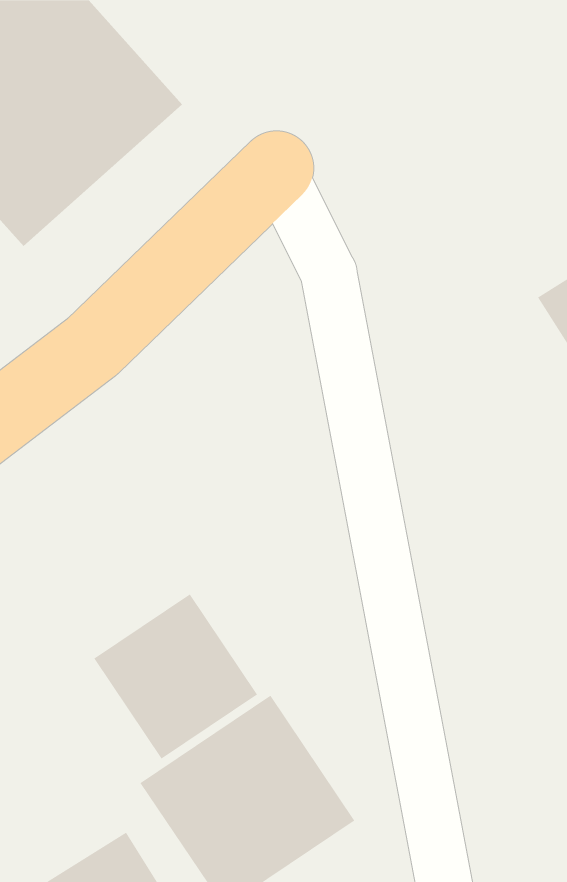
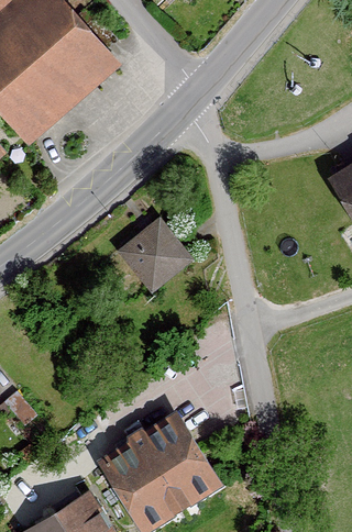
building: none -> [112,218,187,292]
building: [94,594,258,759] -> none

